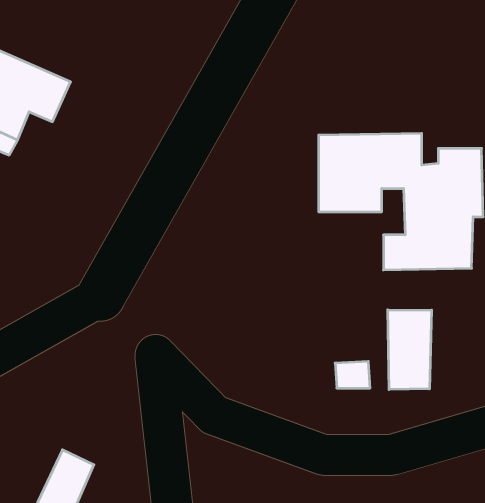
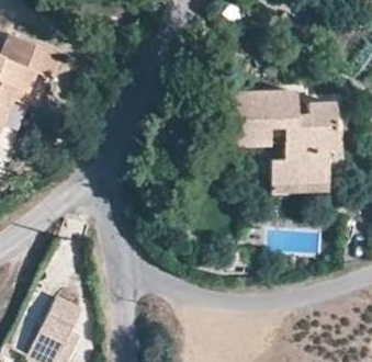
building: [388,310,432,390] -> none

